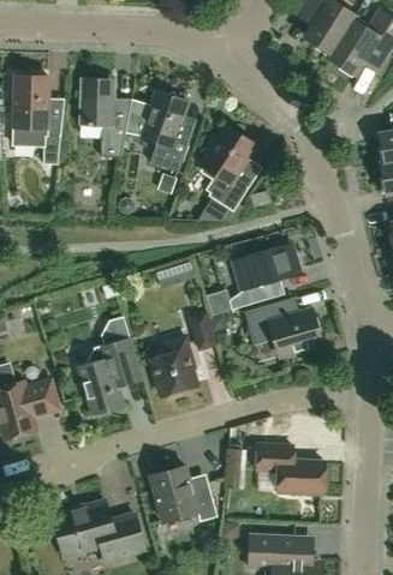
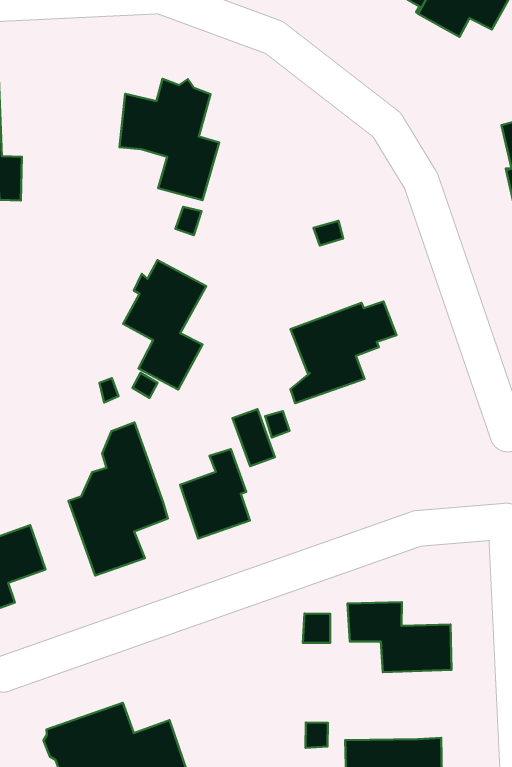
building: [78,78,131,157] -> none
building: [200,125,256,211] -> [123,260,206,390]
building: [244,304,324,355] -> none
building: [150,466,218,521] -> none

